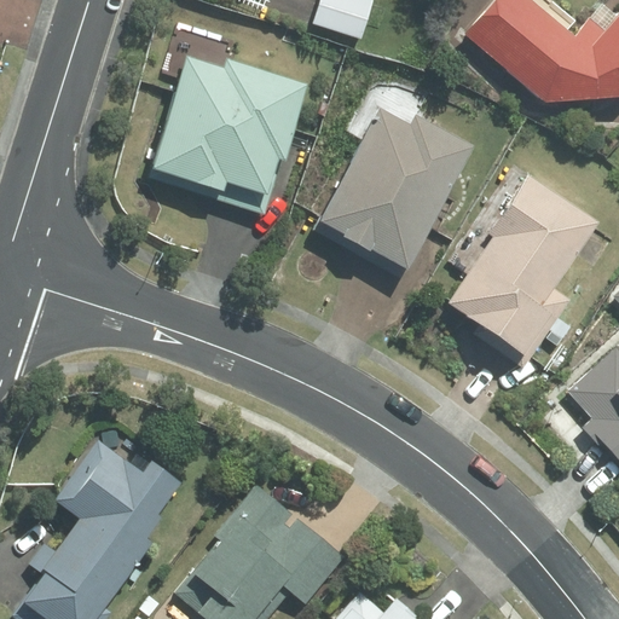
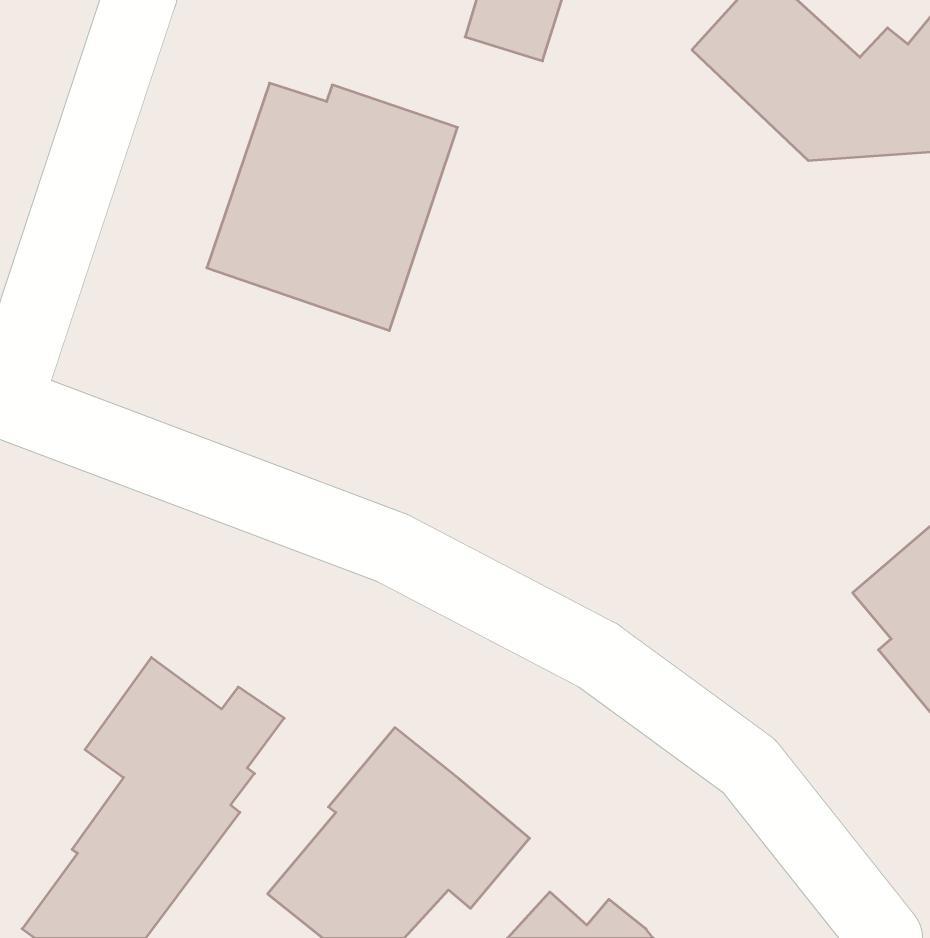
building: [311,104,473,278] -> none
building: [440,175,594,366] -> none

